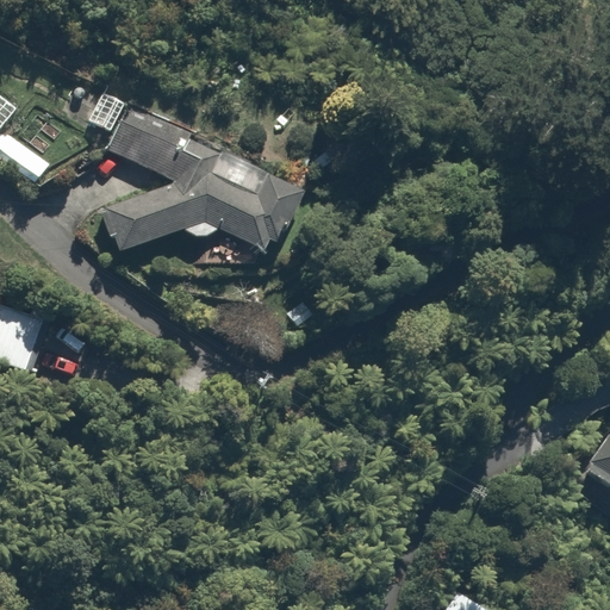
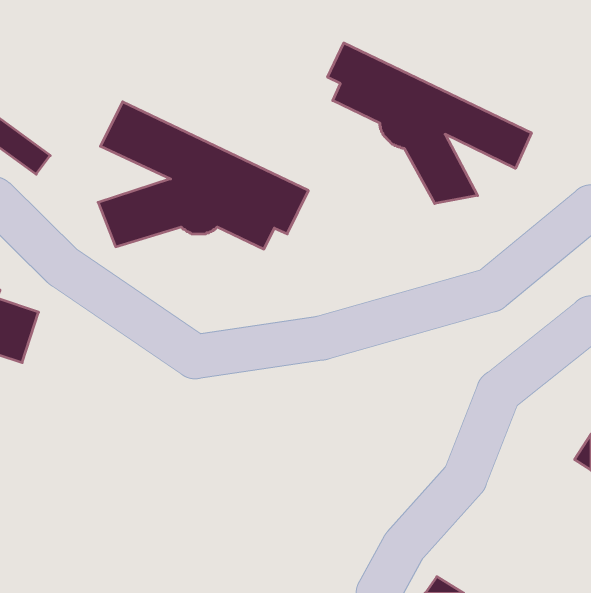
building: none -> [328,43,531,204]

